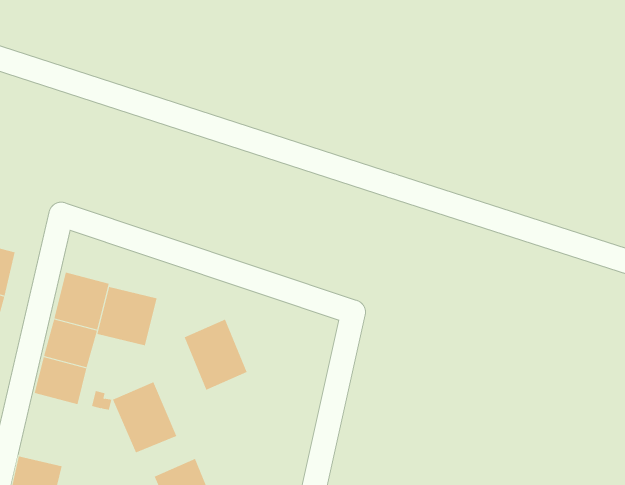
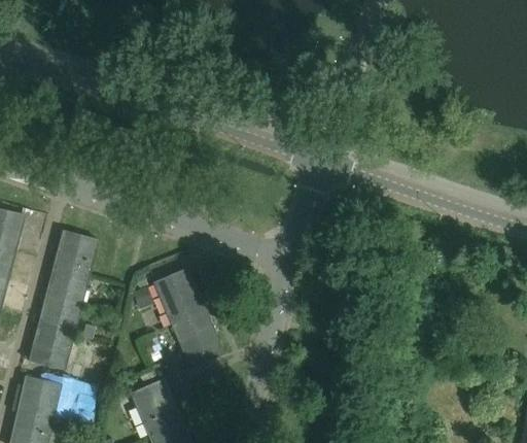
building: [97,286,157,346] -> none
building: [112,381,177,453] -> [173,310,224,367]
building: none -> [28,327,72,370]

